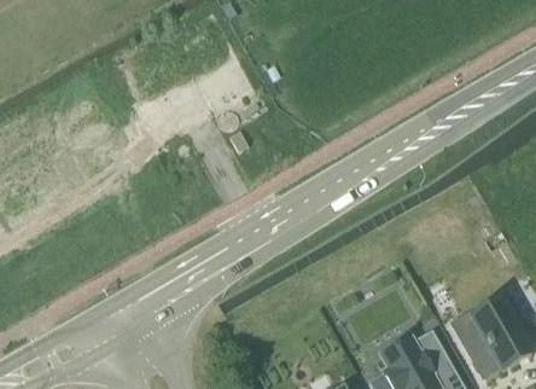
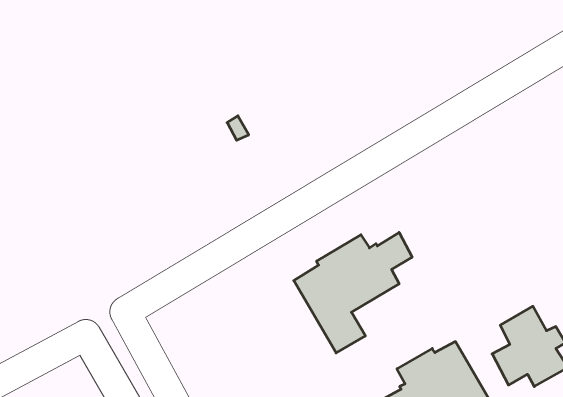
building: none -> [294,232,412,353]

